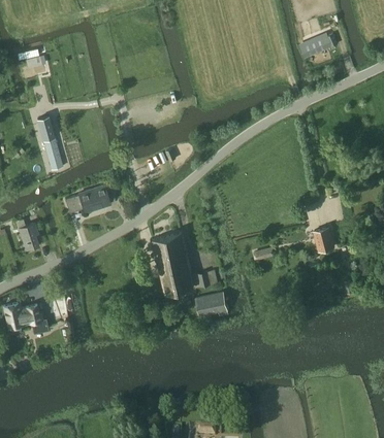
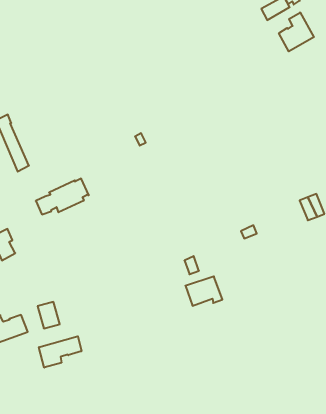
building: none -> [279,12,314,51]
building: [153,233,194,294] -> none
building: none -> [39,336,81,368]

